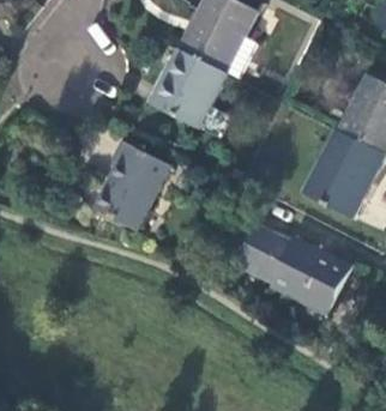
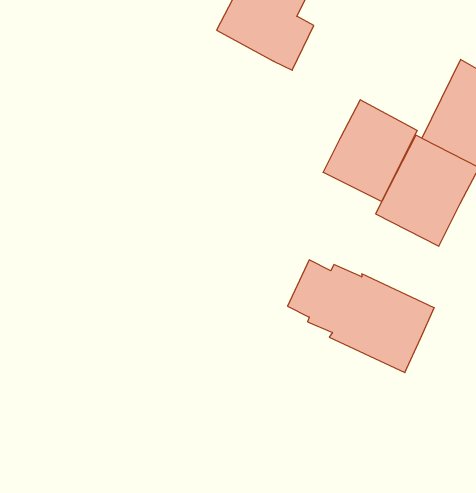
building: [152,49,225,128] -> [323,100,417,202]
building: [96,135,171,224] -> none

